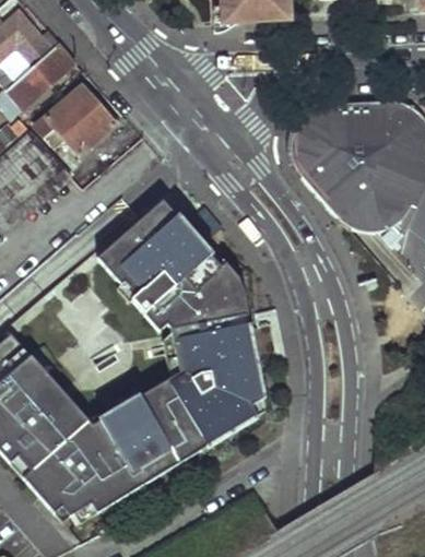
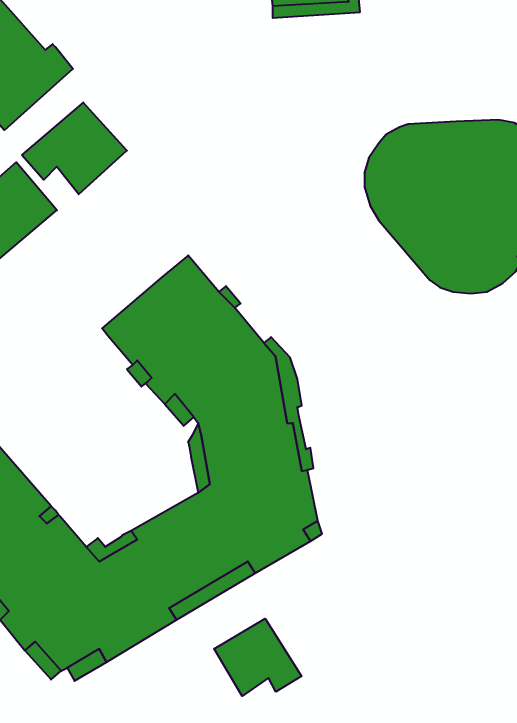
building: none -> [214,619,302,696]

